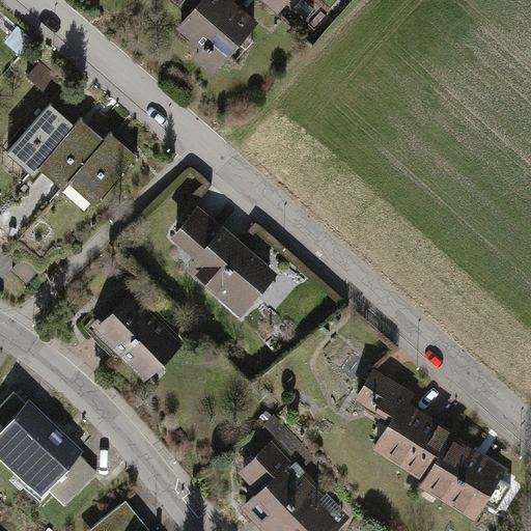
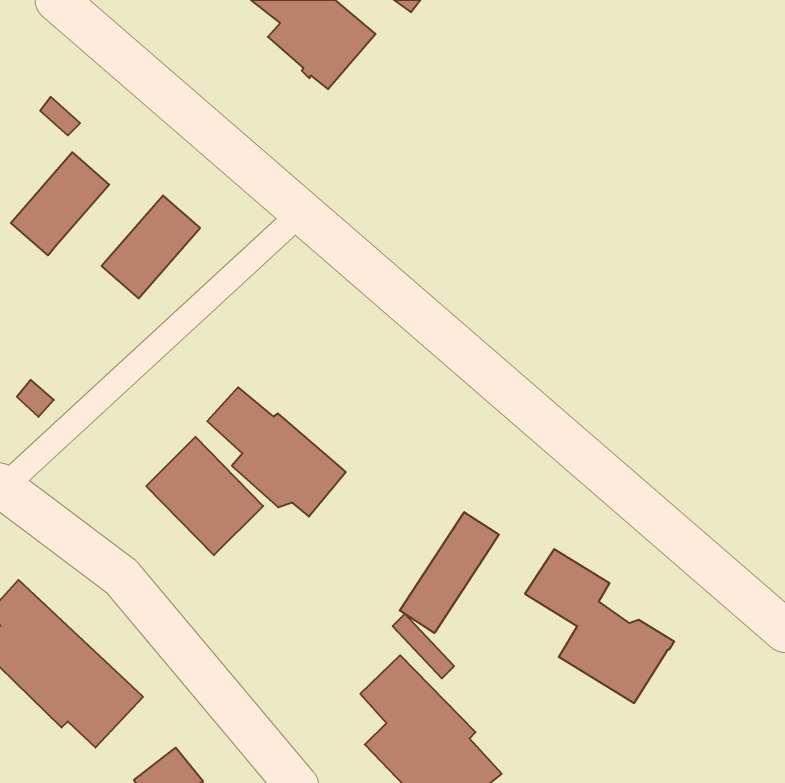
building: [38,119,104,188] -> none
building: [175,214,269,301] -> [207,387,346,517]
building: none -> [400,512,499,633]
building: [422,440,499,514] -> none

